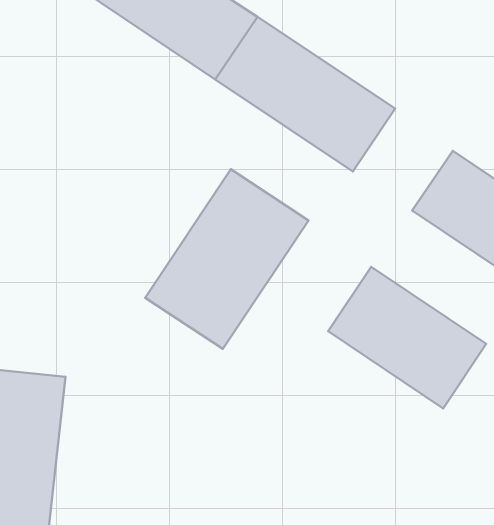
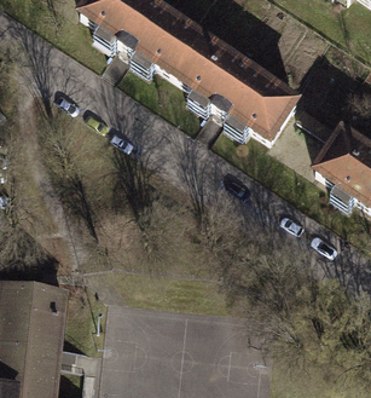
building: [145,169,308,349] -> none
building: [328,267,486,408] -> none

